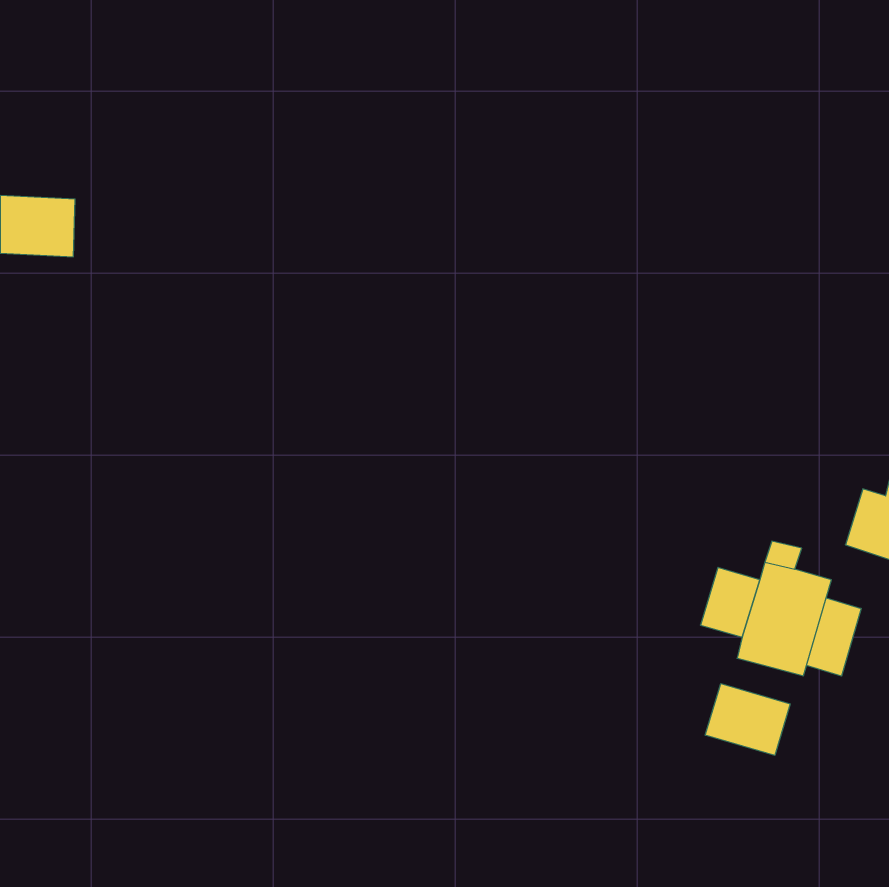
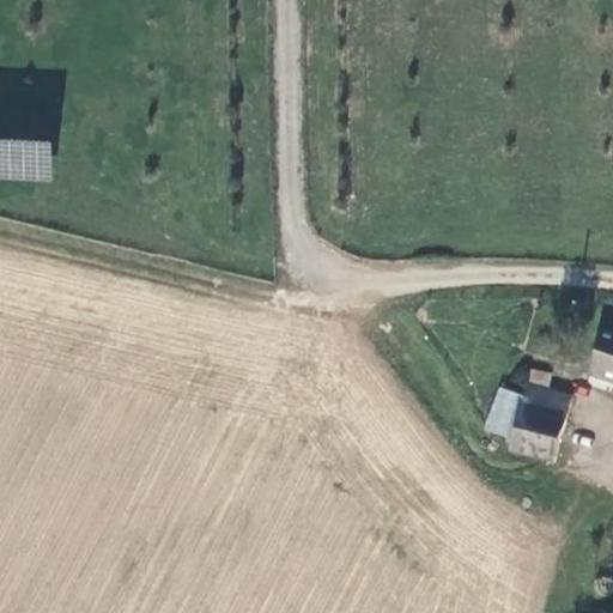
building: [806,598,861,676] -> none
building: [705,684,790,755] -> none

